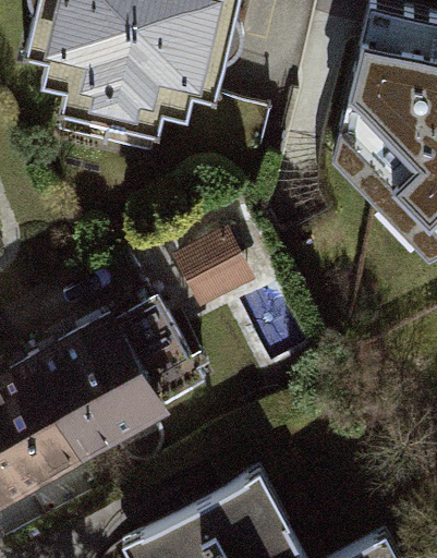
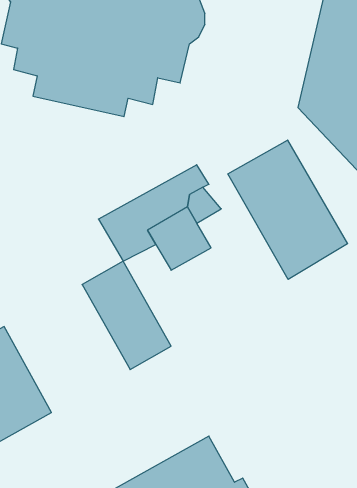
building: none -> [228,140,348,279]
building: [28,320,162,457] -> none

